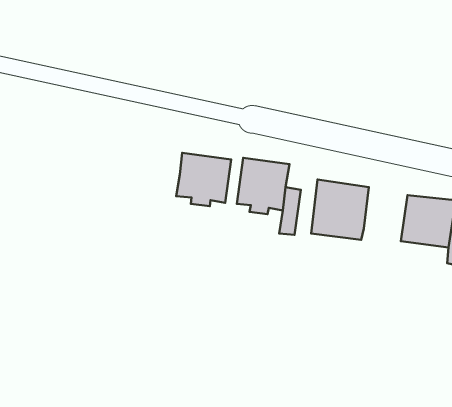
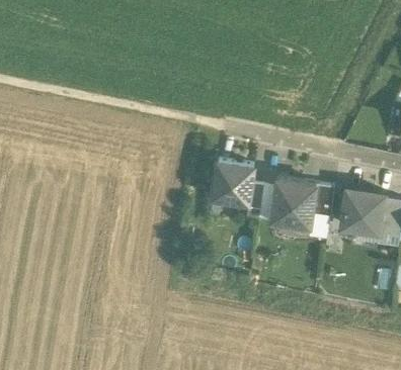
building: [176,153,231,206] -> none
building: none -> [313,183,335,217]

